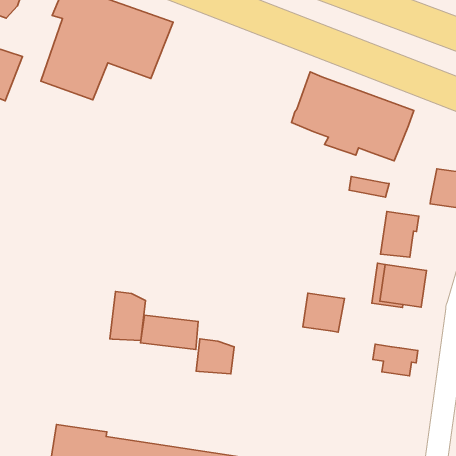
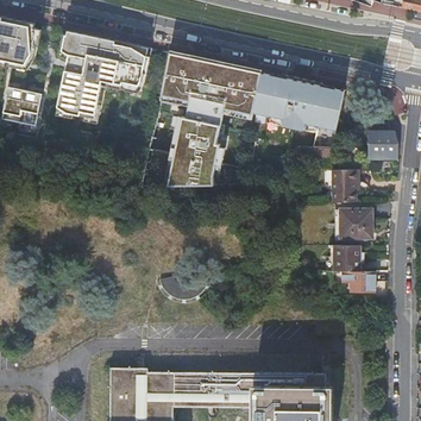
building: none -> [158,52,260,186]
building: [110,292,145,340] -> none
building: [303,293,344,332] -> [332,246,360,272]
building: [196,339,234,374] -> none

